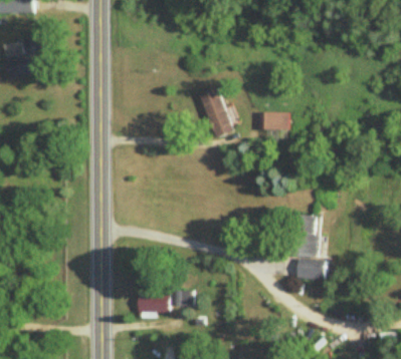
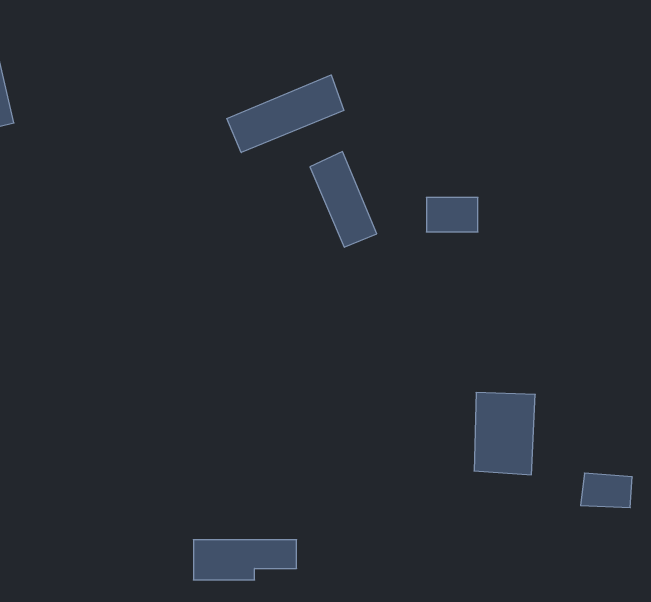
building: none -> [227,75,344,153]
building: [297,260,325,278] -> [581,473,632,508]

